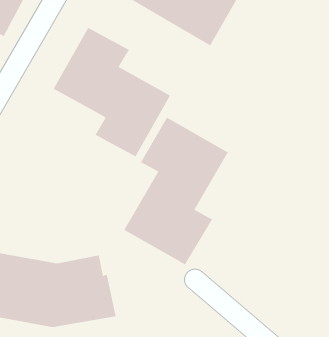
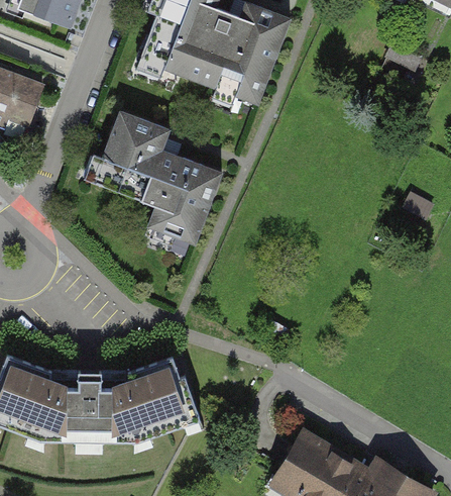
building: [124,117,229,265] -> none

